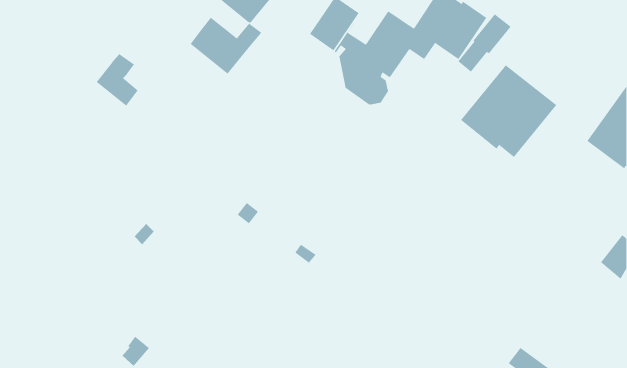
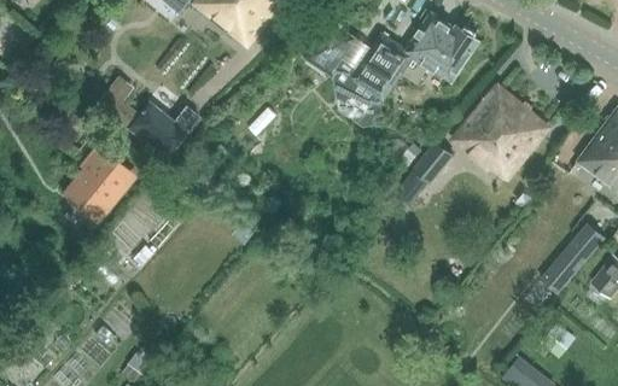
building: [458,13,512,72] -> [400,142,453,200]
building: [190,17,262,74] -> [126,100,197,157]
building: none -> [59,145,129,224]
building: none -> [541,218,606,292]

